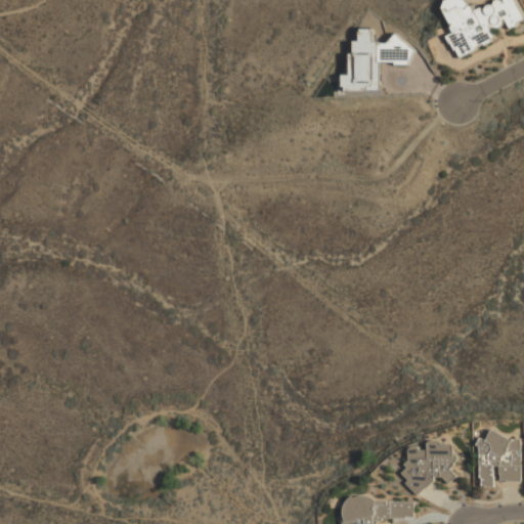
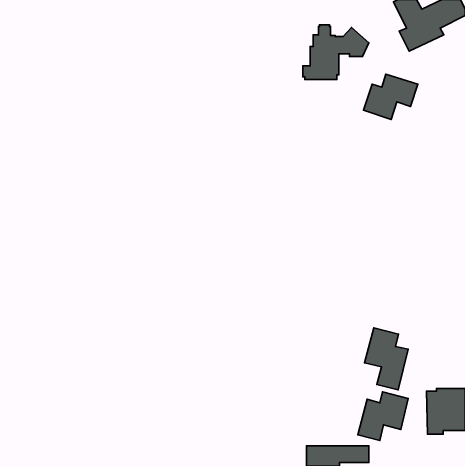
building: none -> [364,74,418,120]
building: none -> [365,328,408,390]

